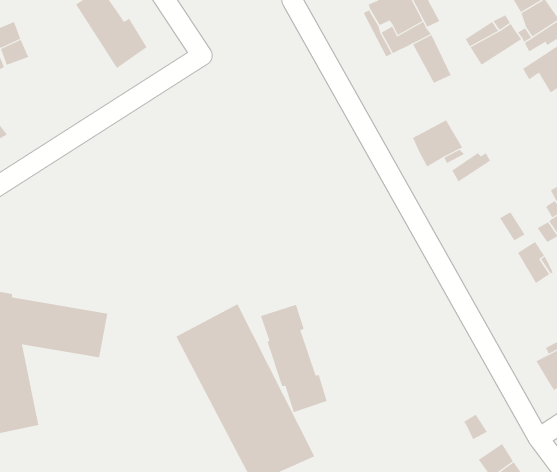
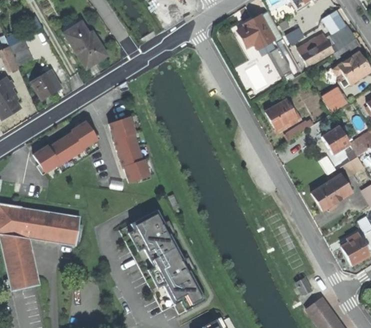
building: none -> [30,70,57,99]
building: none -> [322,86,349,113]
building: none -> [33,121,98,174]
building: none -> [322,125,350,153]
building: none -> [311,180,341,210]
building: [260,304,328,413] -> [109,117,150,183]

